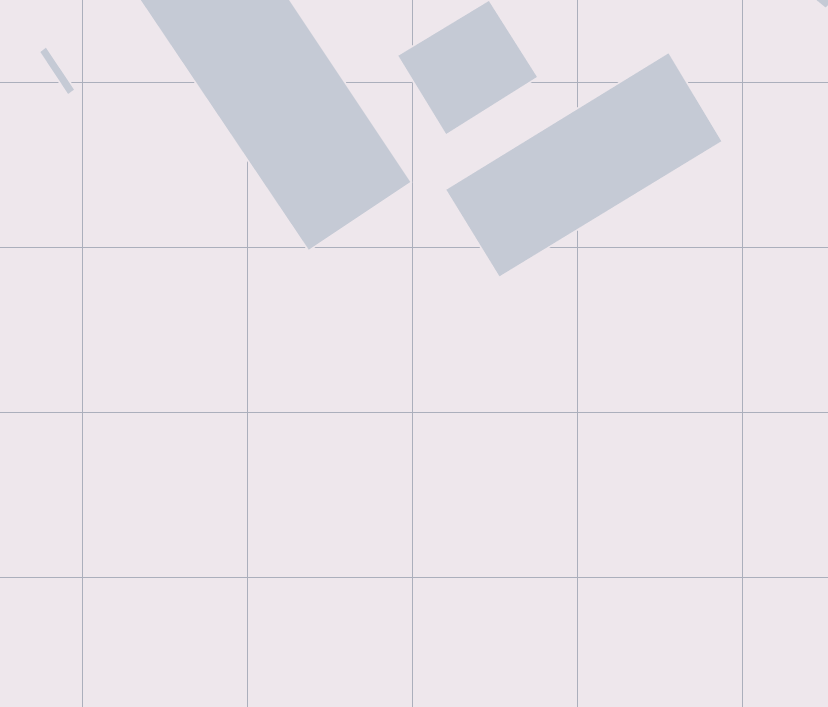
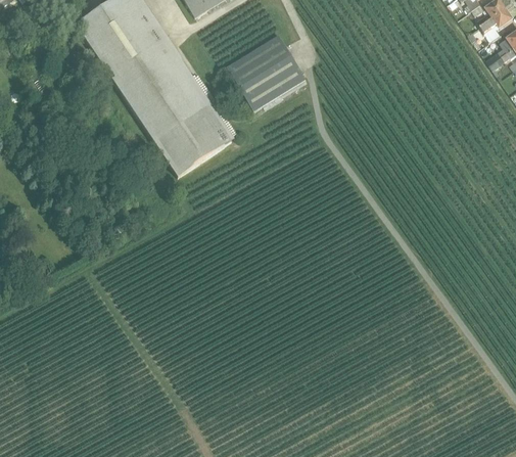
building: [445,52,722,278] -> none

